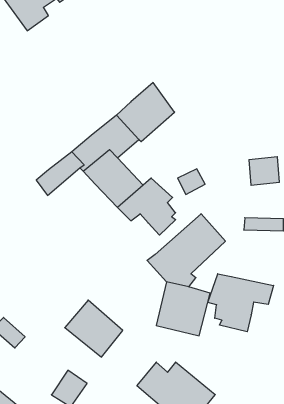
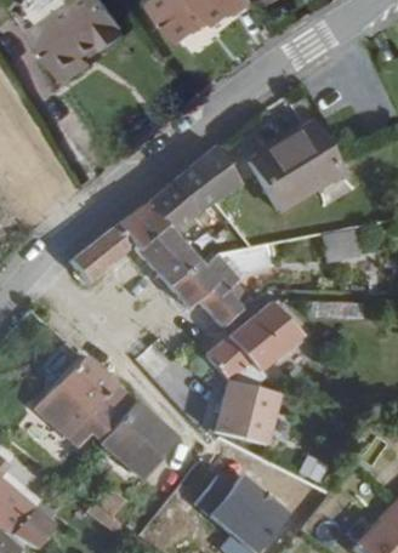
building: none -> [246,116,340,204]
building: none -> [36,354,136,443]
building: [208,274,274,332] -> none

